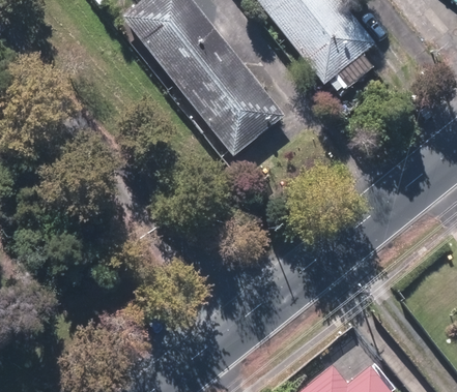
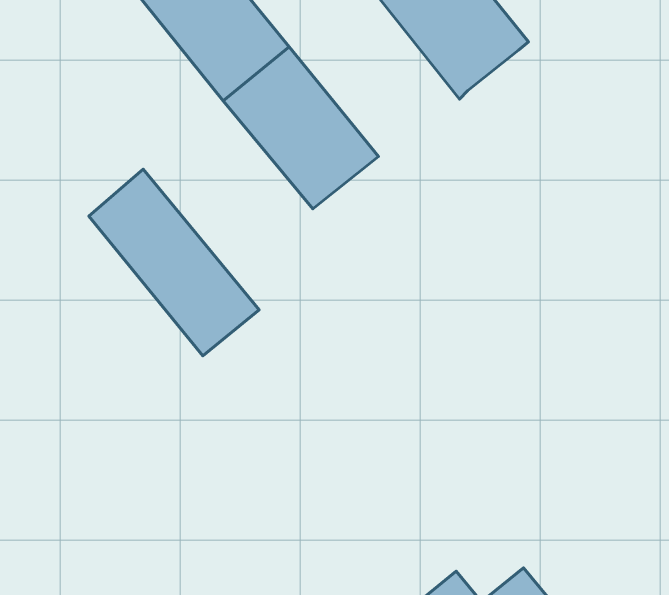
building: none -> [89,169,259,356]

